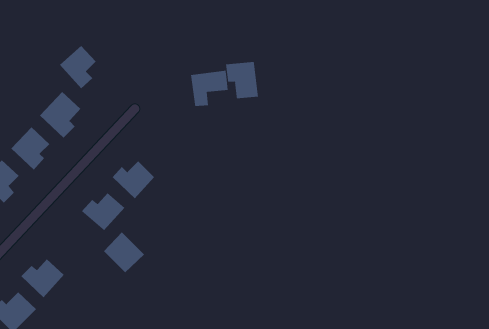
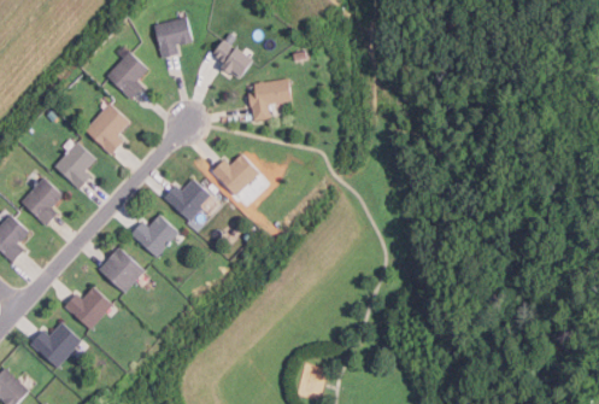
building: none -> [152,17,193,58]
building: none -> [212,36,254,78]
building: [226,61,259,99] -> none
building: none -> [212,153,259,195]
building: [103,231,145,273] -> [99,246,145,292]

